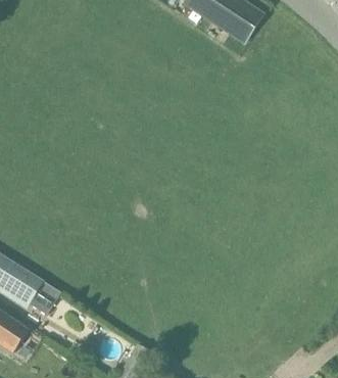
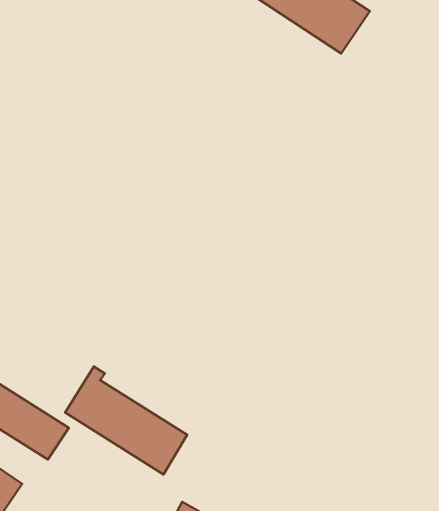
building: none -> [65,367,187,475]

